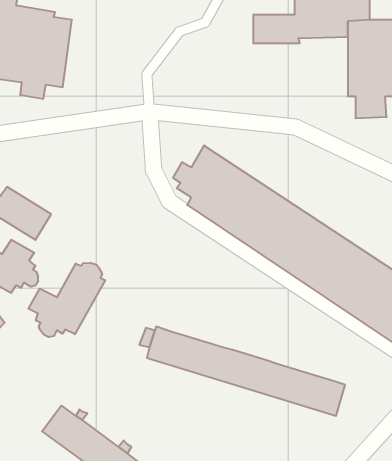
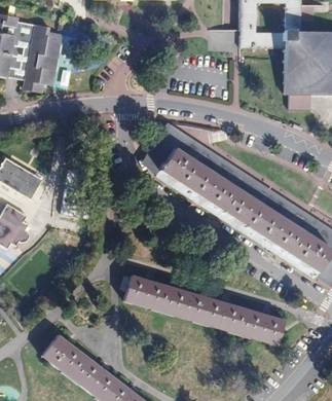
building: [28,263,105,337] -> none

